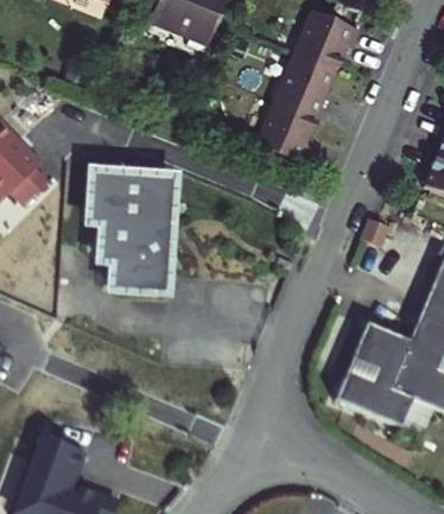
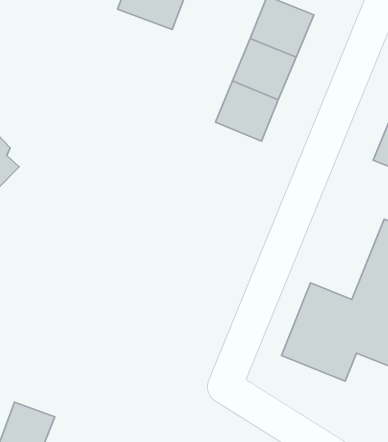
building: [84,160,177,293] -> none

